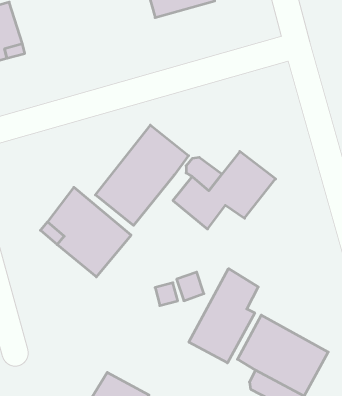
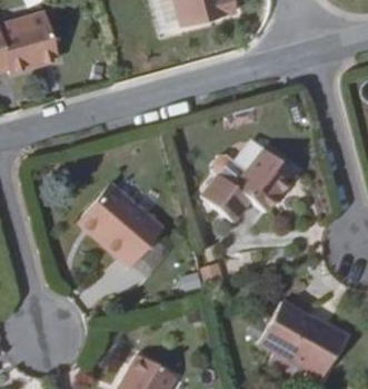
building: [95,125,189,225] -> none
building: [189,269,258,363] -> none

